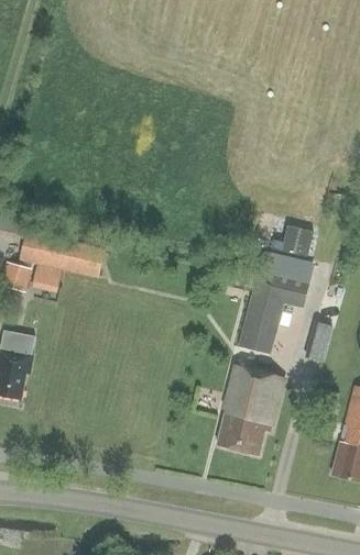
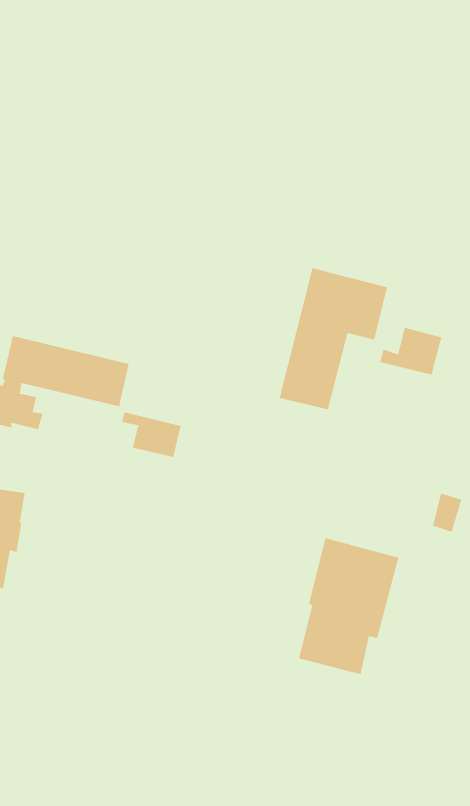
building: [238,258,310,353] -> [279,267,388,410]
building: none -> [121,411,181,458]

